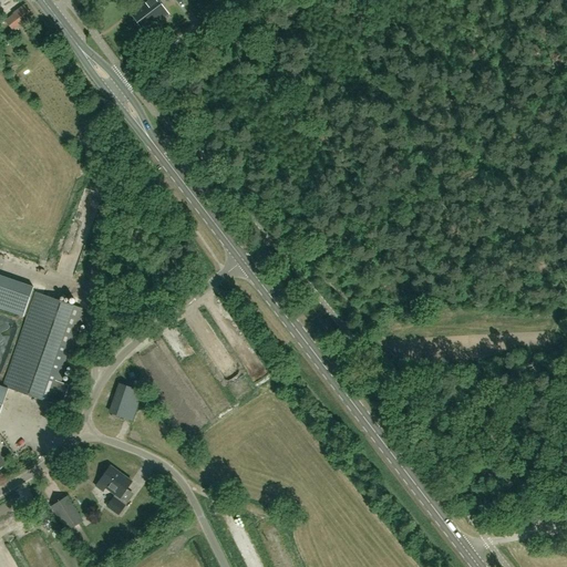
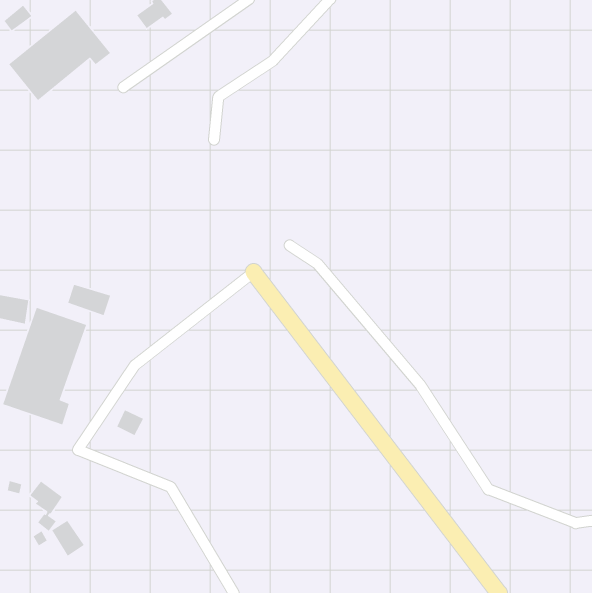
building: none -> [8,9,111,101]
building: none -> [67,284,111,316]
building: [97,465,130,514] -> [29,481,63,532]

